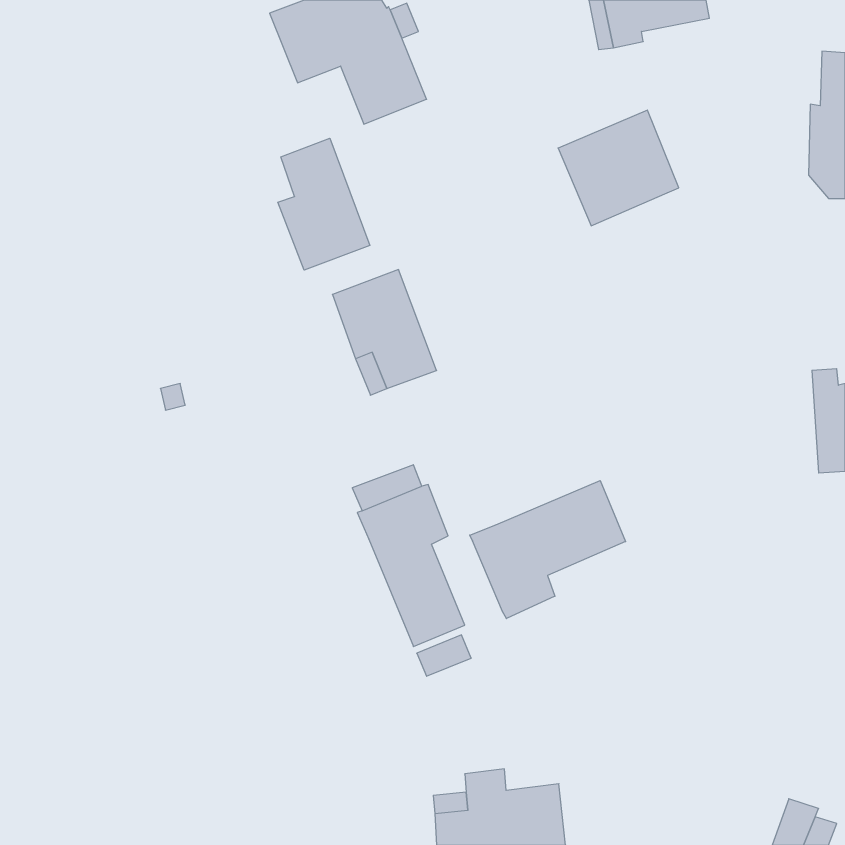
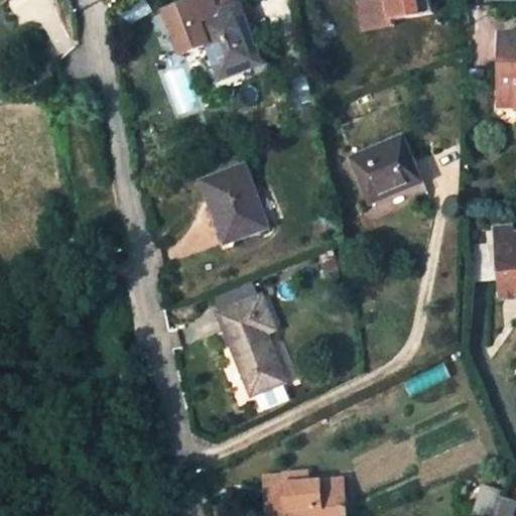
building: [558,110,679,226] -> [349,133,422,204]
building: [278,138,370,270] -> none
building: [470,481,626,619] -> none

